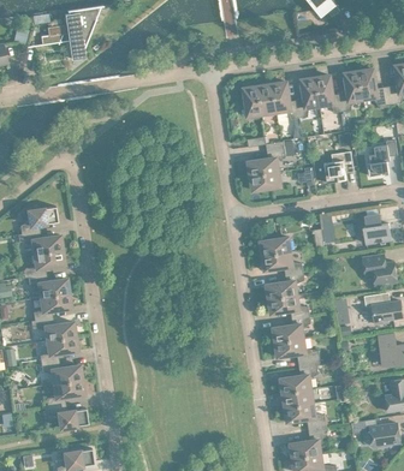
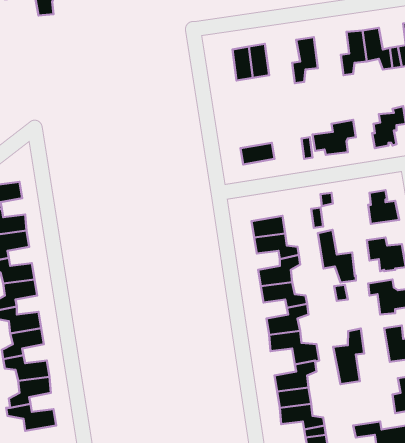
building: [315,74,341,112] -> none
building: [272,81,298,119] -> none
building: [246,136,285,175] -> none
building: none -> [318,230,356,282]
building: none -> [333,329,364,384]

